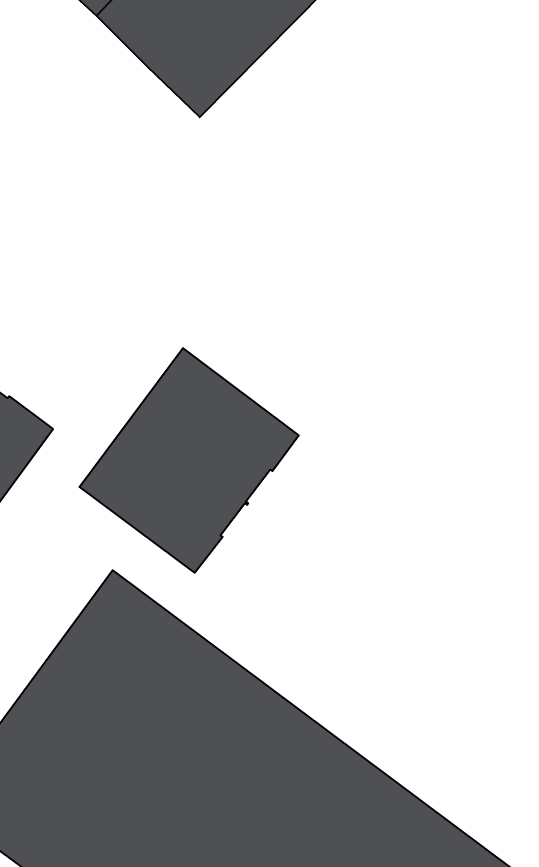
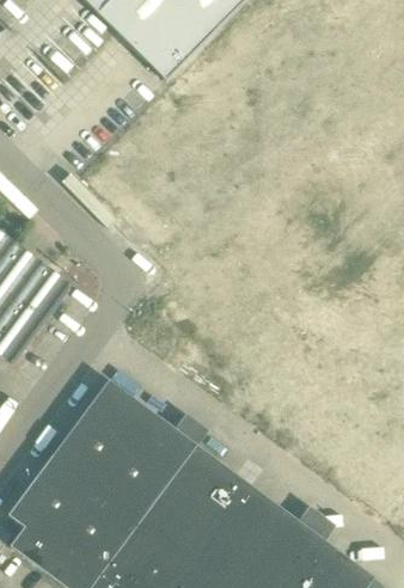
building: [79,348,299,573] -> none

